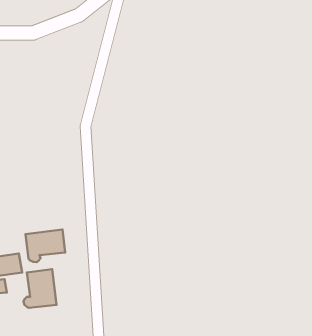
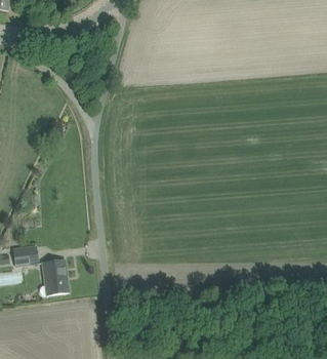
building: [25,230,65,262] -> none

